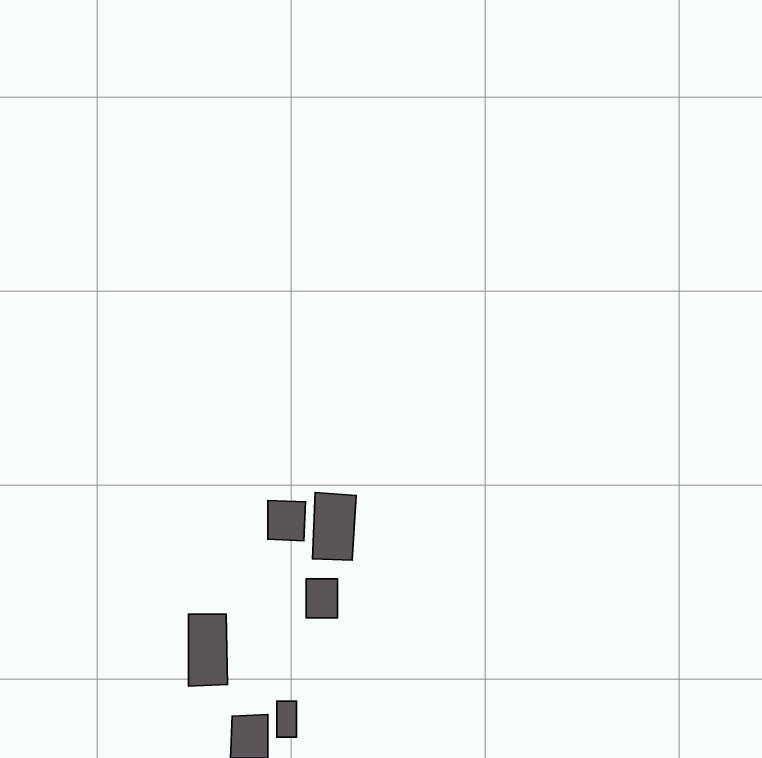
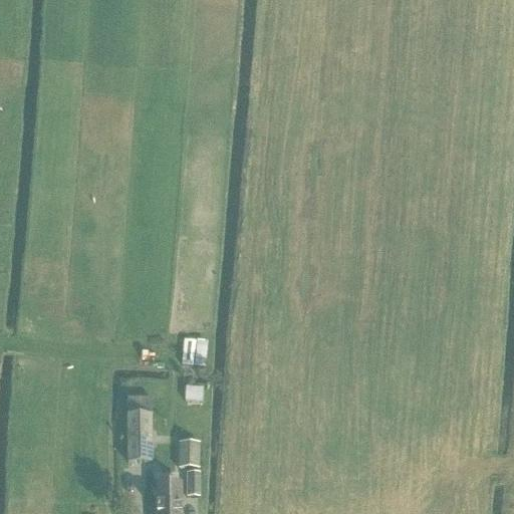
building: [313,493,356,560] -> none
building: [306,579,337,618] -> [178,440,199,466]

